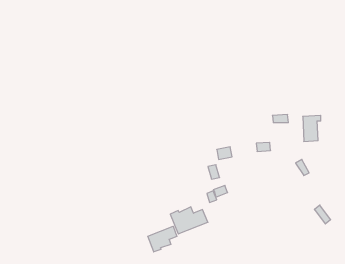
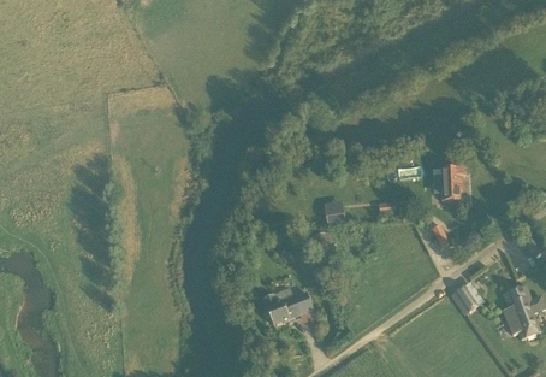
building: [148,226,177,252] -> none

